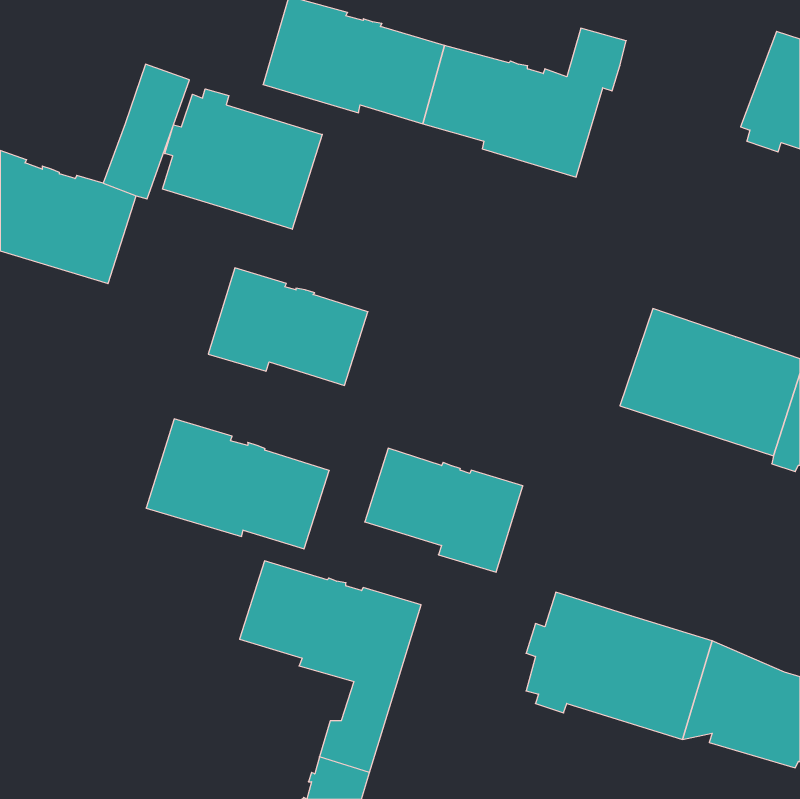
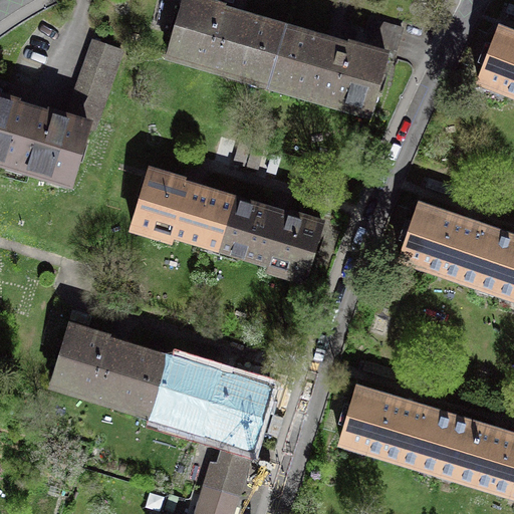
building: [163,89,322,229] -> none
building: [146,419,329,549] -> [52,326,170,410]
building: [365,448,523,572] -> [221,200,322,279]

